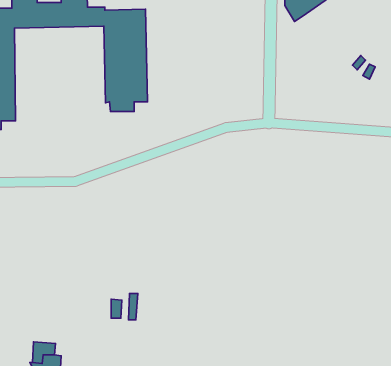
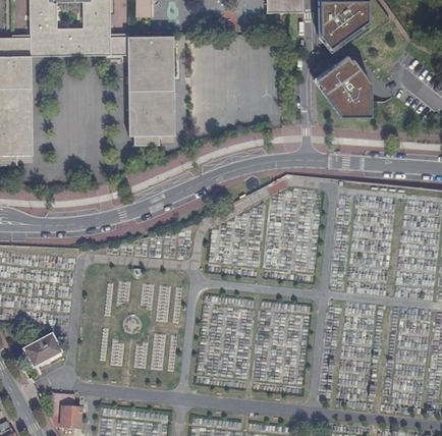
building: none -> [316,54,369,115]
building: none -> [24,333,62,366]

